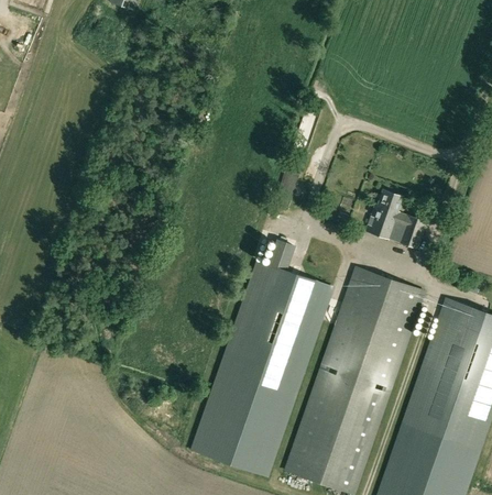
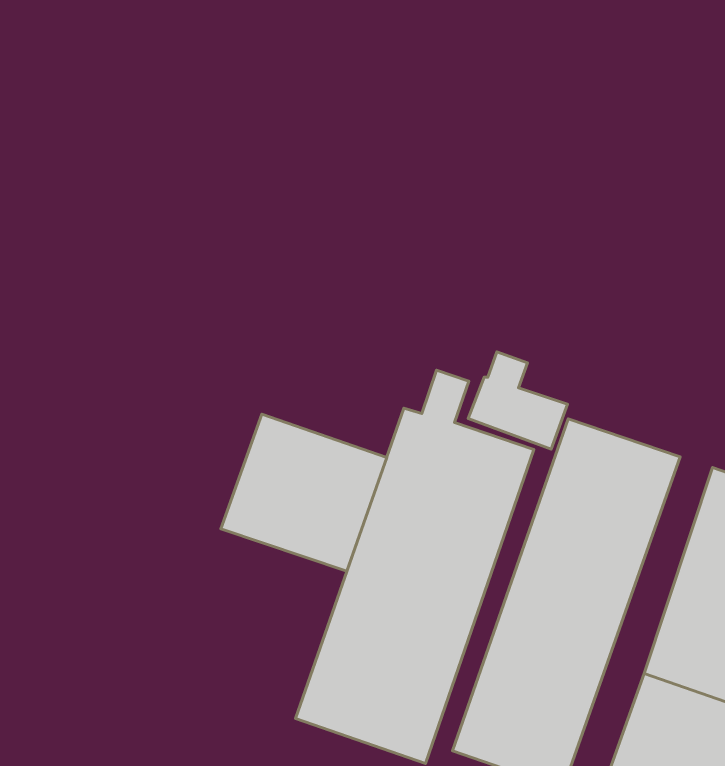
building: [365,189,426,249] -> [468,352,567,449]
building: none -> [221,414,387,571]

